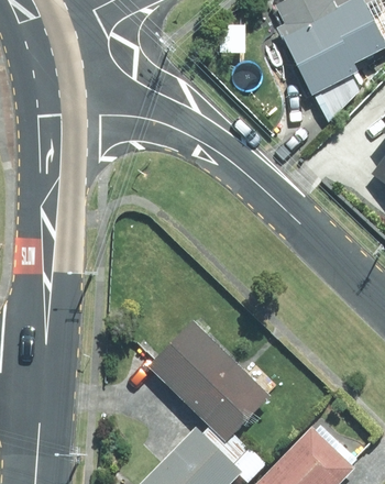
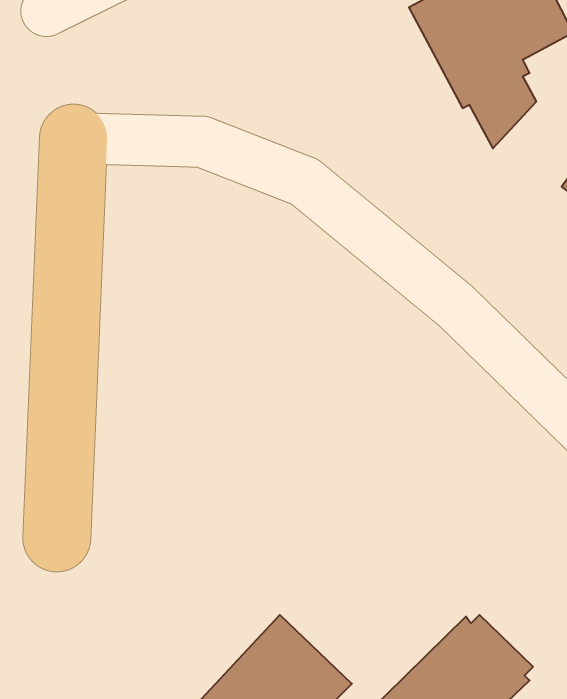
building: [147,320,268,441] -> none

